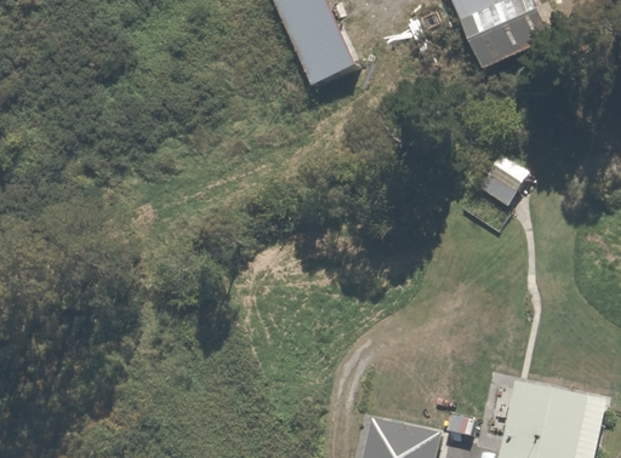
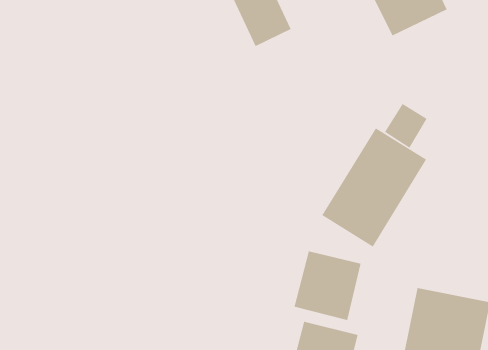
building: none -> [322,127,427,247]
building: none -> [294,250,361,321]

